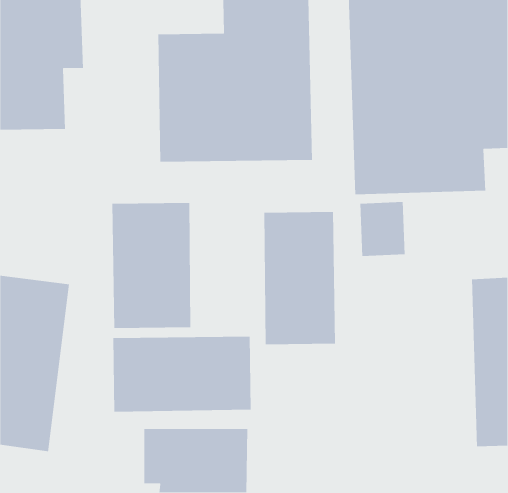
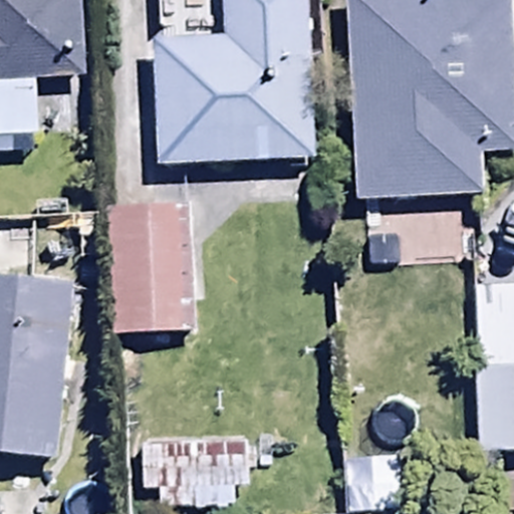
building: [263,211,336,345] -> none
building: [112,336,251,412] -> none

